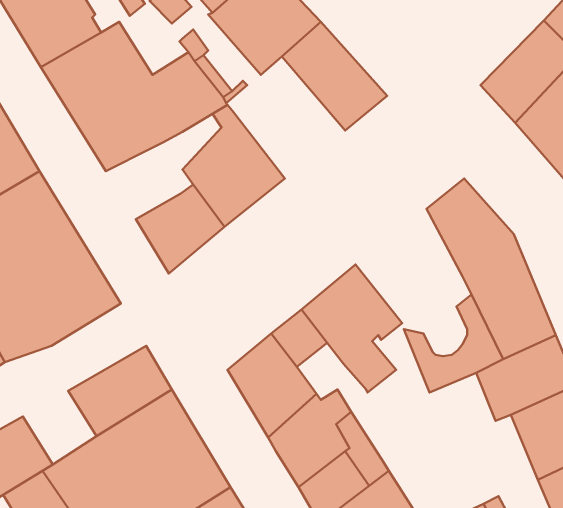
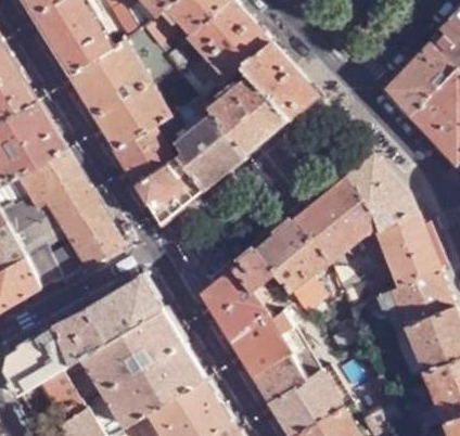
building: none -> [207,68,288,156]
building: none -> [115,134,169,185]
building: none -> [295,178,372,260]
building: none -> [55,309,108,362]

